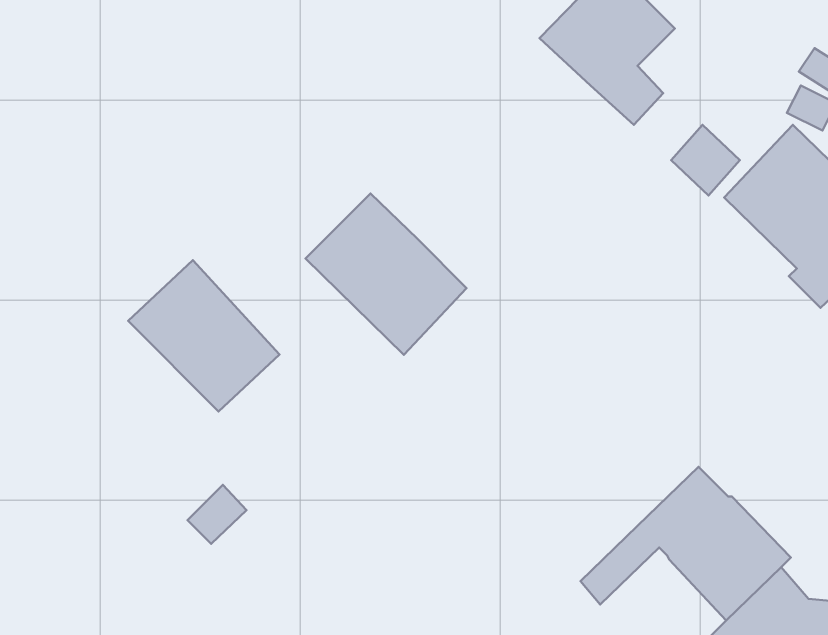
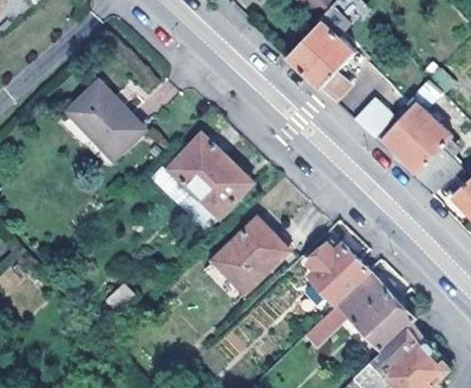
building: [128,260,279,411] -> [66,83,143,160]
building: none -> [211,219,288,293]
building: none -> [308,243,370,304]

